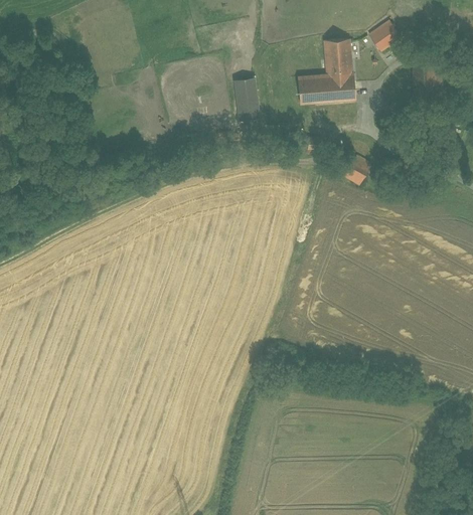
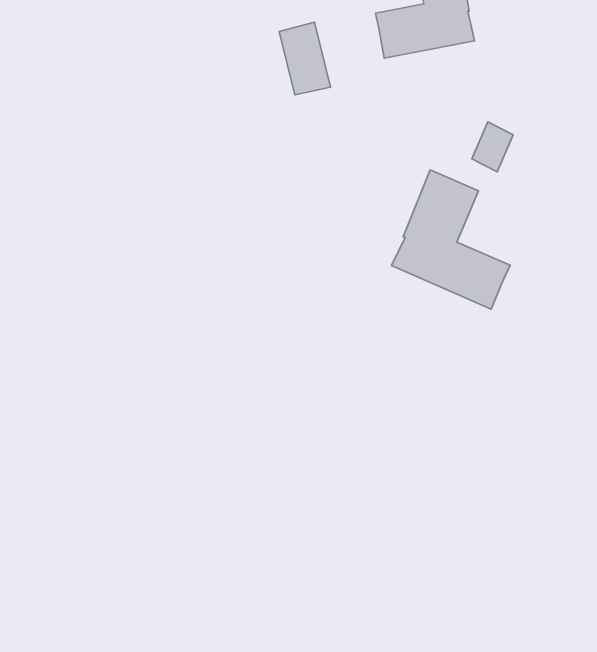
building: none -> [391,170,510,309]

